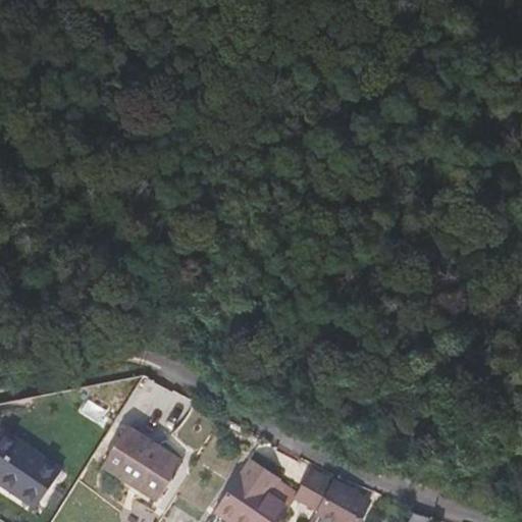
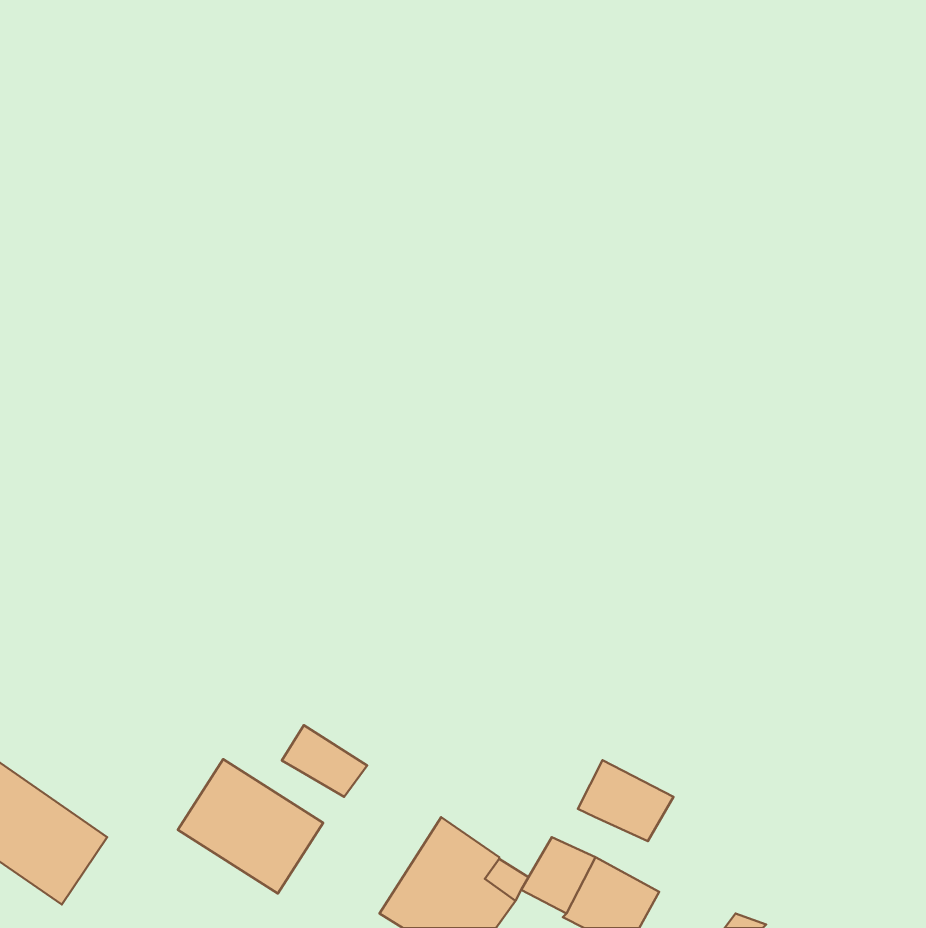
building: none -> [282,725,367,797]
building: none -> [578,760,674,841]

